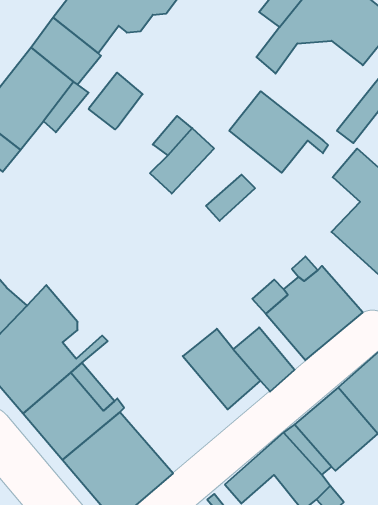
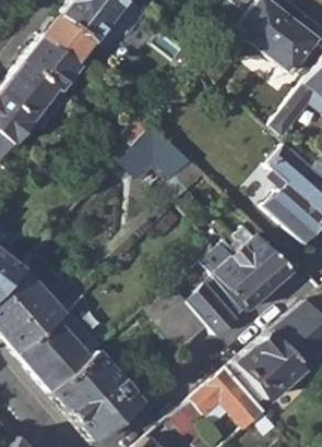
building: [89,73,143,129] -> none
building: [229,91,328,173] -> none

